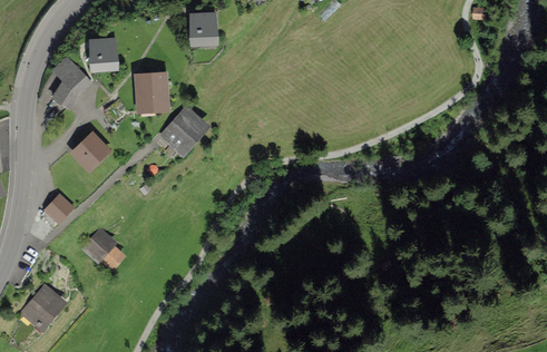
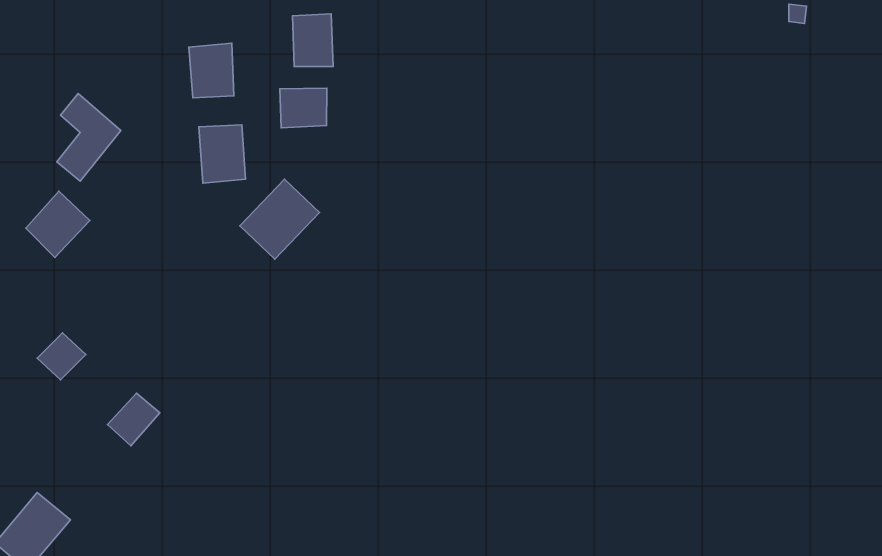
building: [88,38,114,69] -> [189,43,234,98]
building: none -> [280,88,327,128]
building: [71,133,108,170] -> [26,191,90,257]

